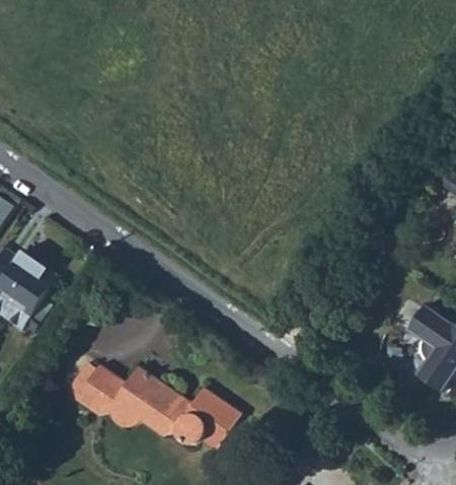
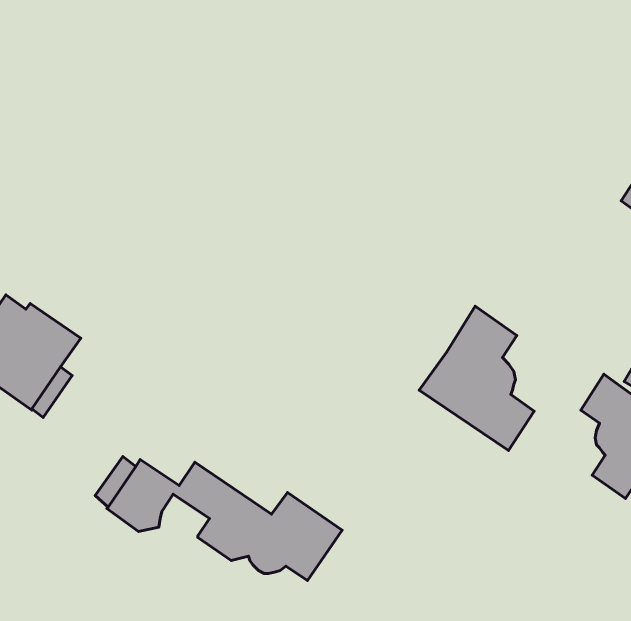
building: none -> [419,306,534,450]
building: [112,389,148,425] -> none

